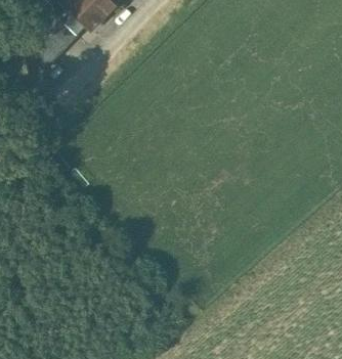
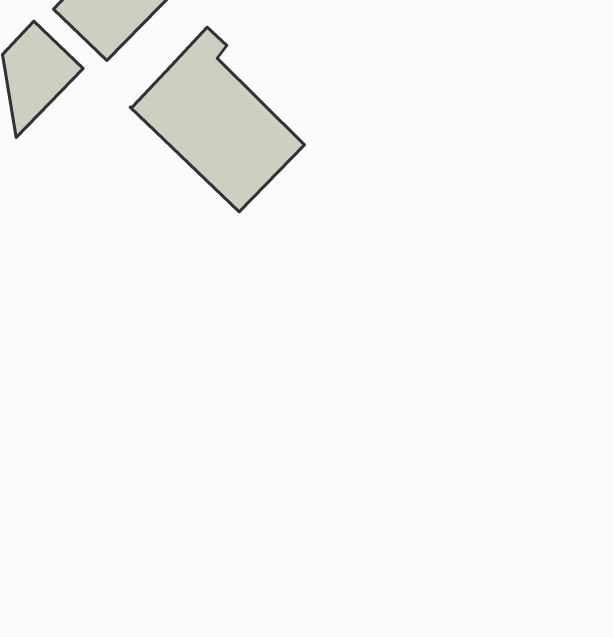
building: none -> [130,27,304,212]

